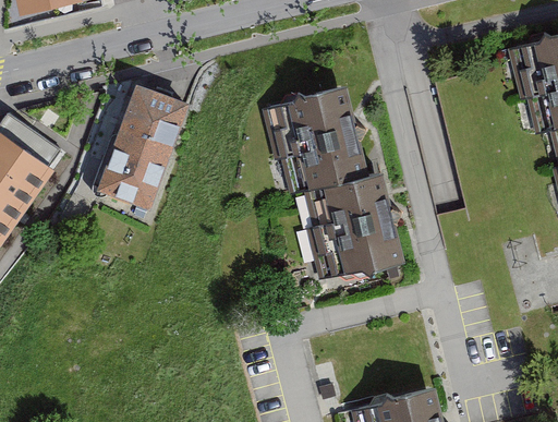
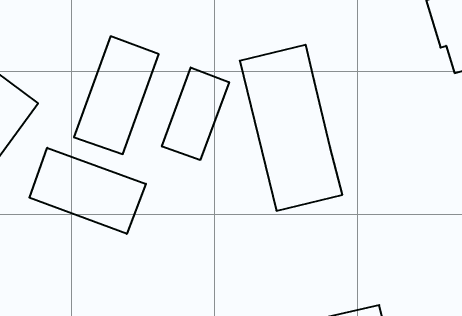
building: none -> [162,67,229,160]
building: none -> [29,148,146,234]

